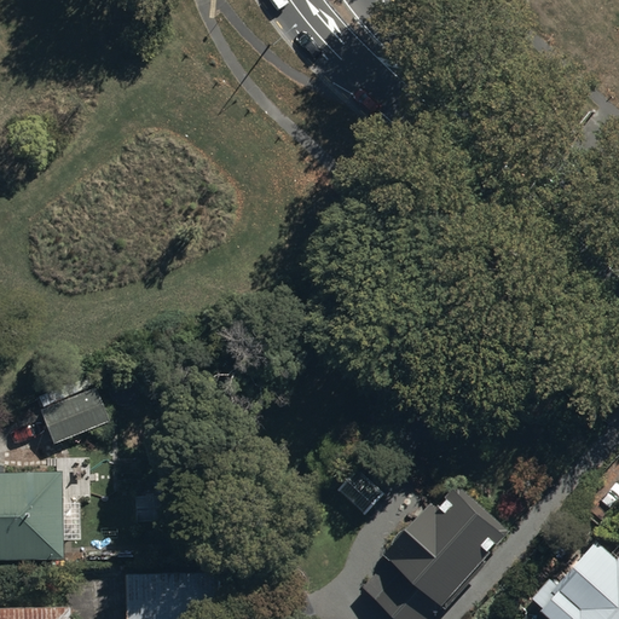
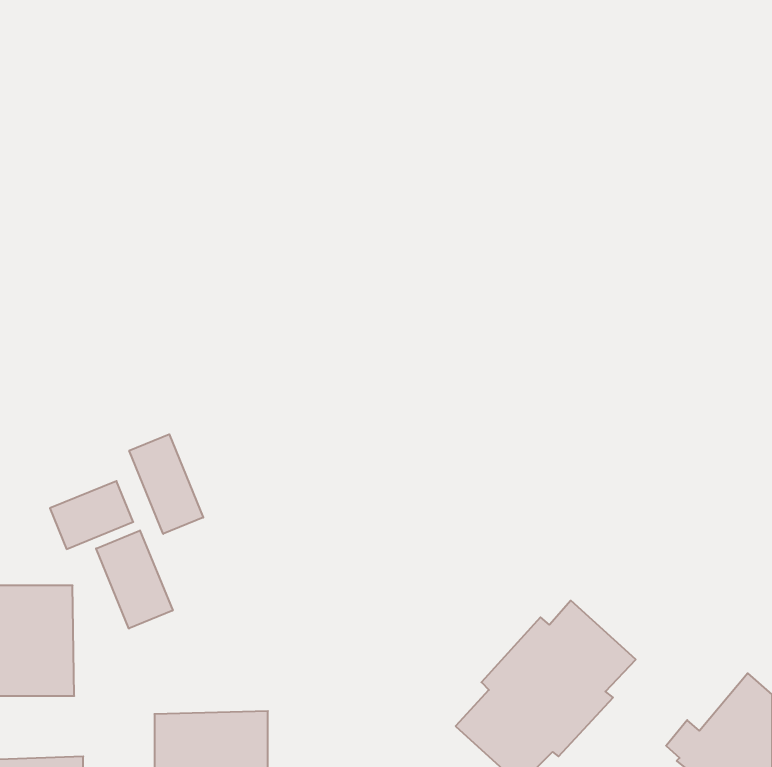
building: none -> [129,434,203,534]
building: none -> [96,530,173,629]

